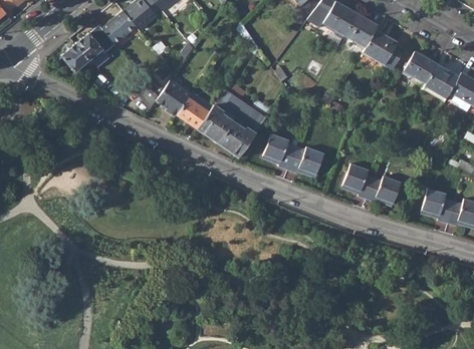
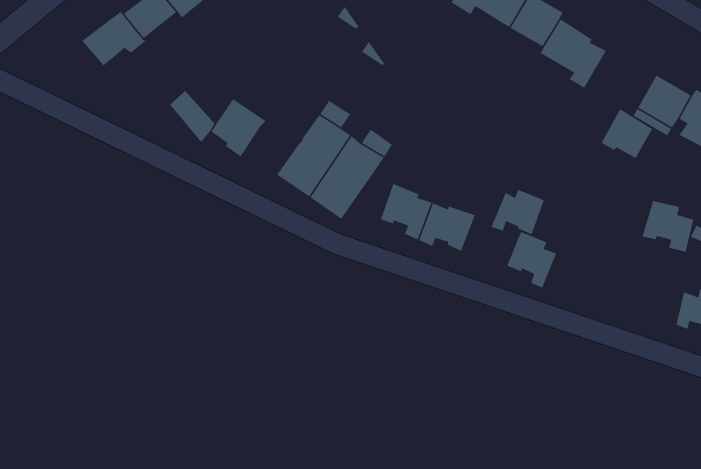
building: [61,44,89,72] -> none
building: [404,52,437,84] -> [601,108,653,159]
building: [178,91,214,128] -> none
building: [366,176,400,205] -> [491,189,545,235]
building: [421,190,454,223] -> [641,200,694,253]

